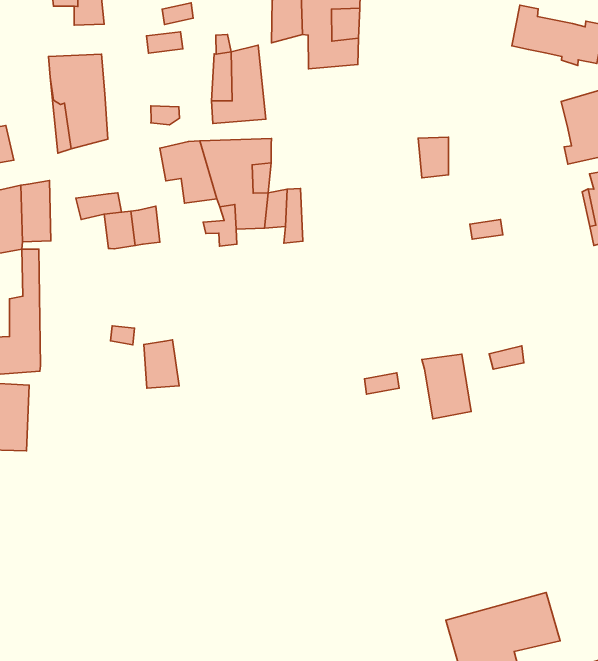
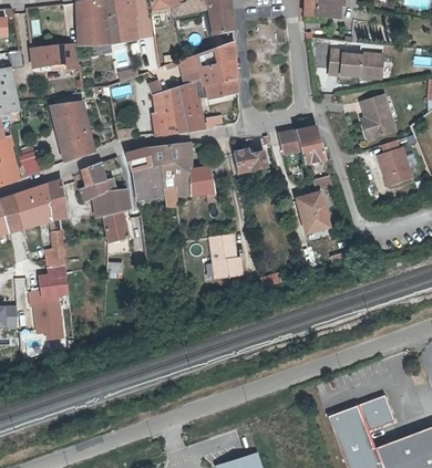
building: none -> [178,79,222,131]
building: none -> [296,126,323,167]
building: none -> [76,162,117,194]
building: none -> [235,147,268,173]
building: none -> [132,170,168,215]
building: none -> [210,233,239,278]
building: [144,340,179,388] -> [105,211,128,241]
building: [422,354,471,419] -> [295,194,327,233]

